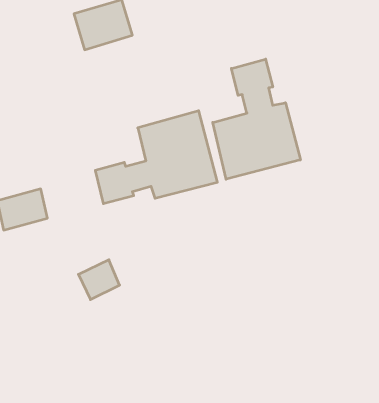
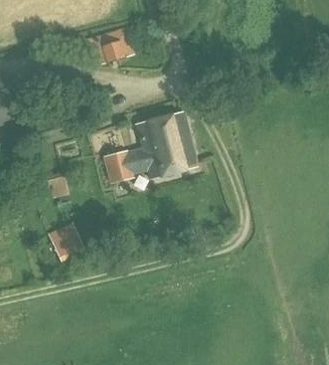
building: [213,59,300,179] -> none
building: [78,260,120,300] -> [52,228,84,258]

